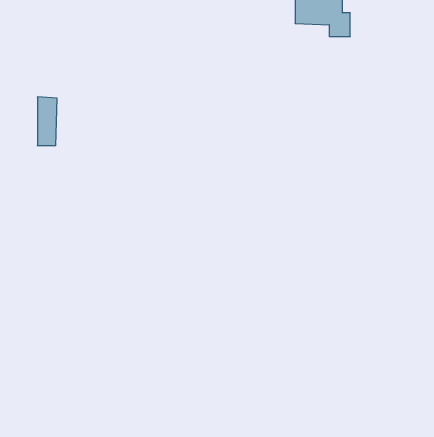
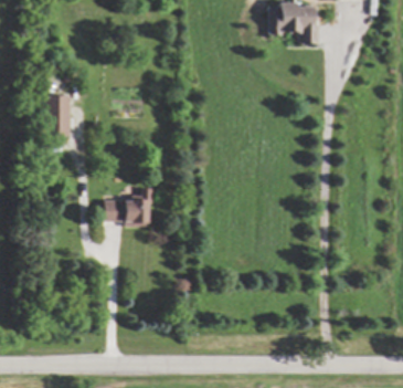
building: none -> [105,188,153,222]

